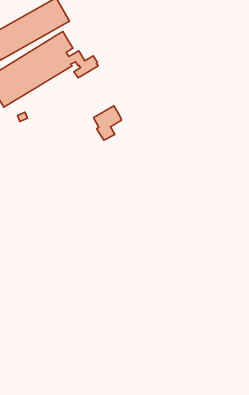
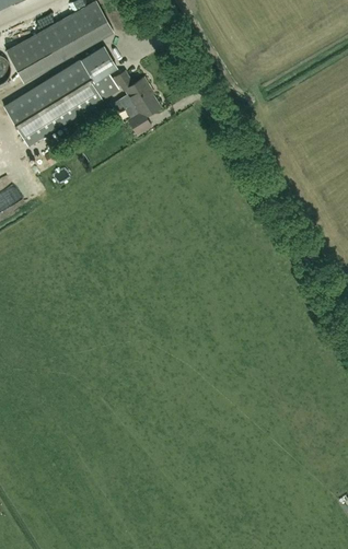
building: [94,106,121,140] -> [124,90,160,135]

